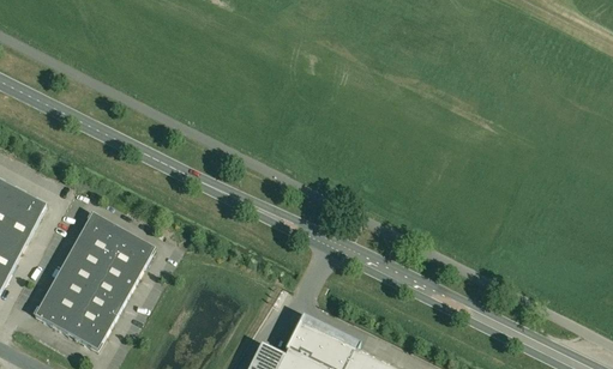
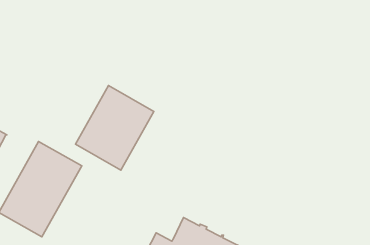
building: none -> [76,86,154,170]

